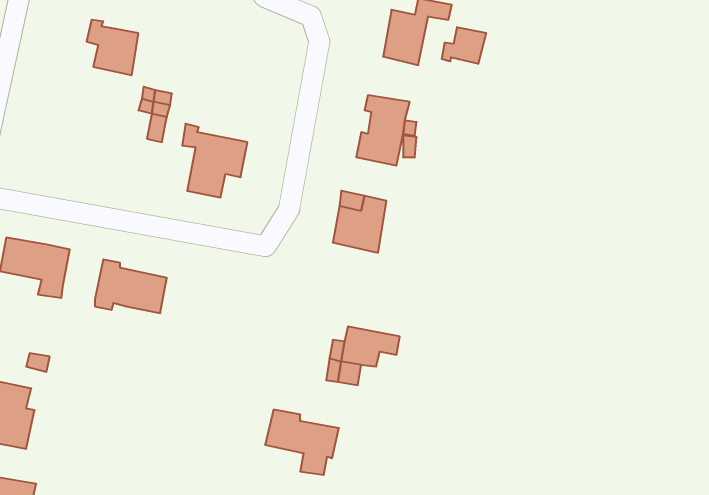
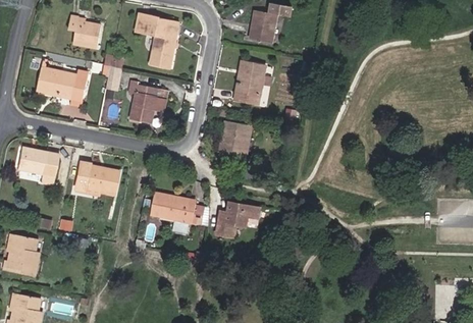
building: none -> [139,12,179,63]
building: [442,27,486,64] -> none
building: none -> [37,65,90,100]
building: [265,410,339,475] -> [151,192,196,231]

